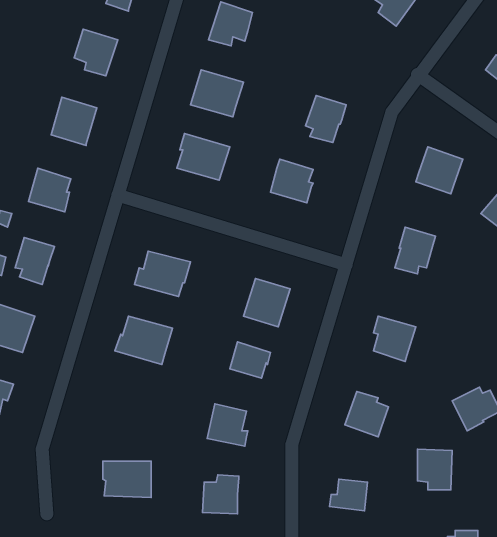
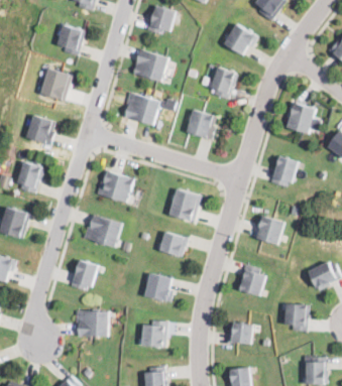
building: none -> [224,23,258,54]
building: none -> [71,260,98,290]

